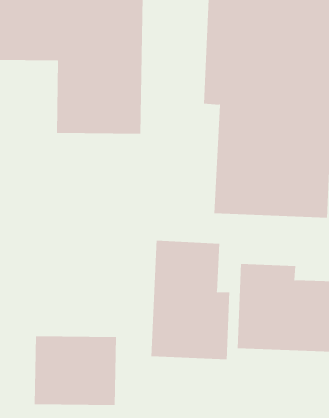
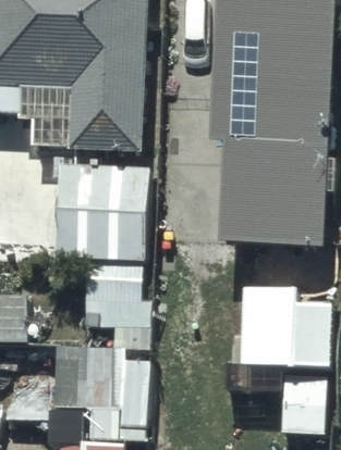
building: none -> [52,167,149,257]
building: [151,240,230,360] -> none

